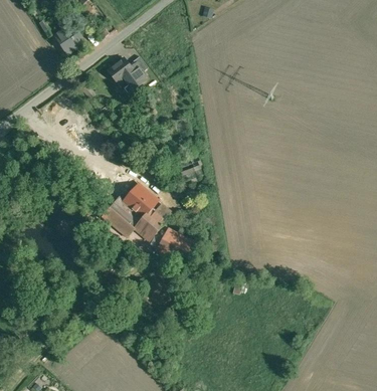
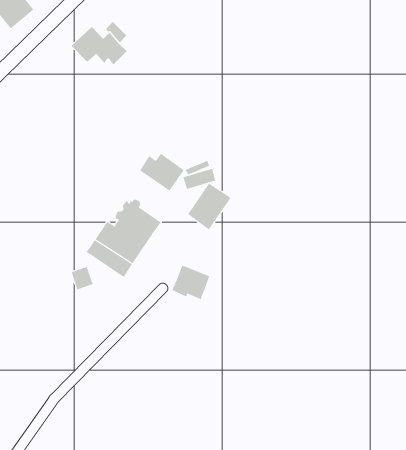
building: none -> [140,153,184,191]
building: [135,208,167,241] -> [187,183,232,230]

